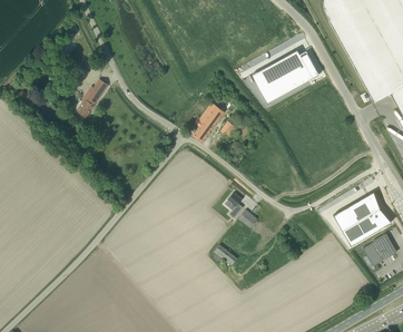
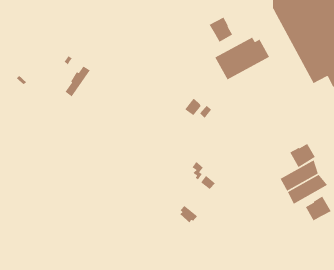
building: none -> [209,16,233,43]
building: [194,102,225,143] -> none
building: none -> [289,143,316,168]

